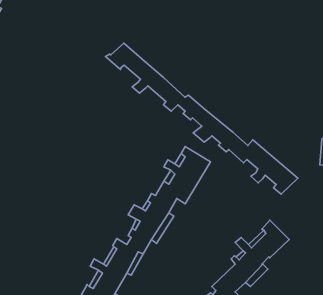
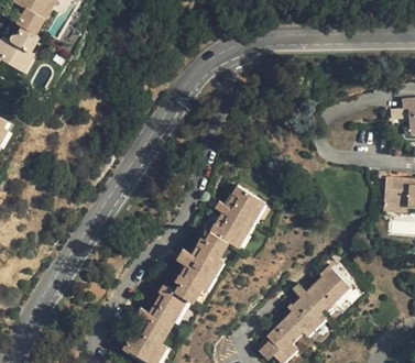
building: [106,43,298,194] -> none

